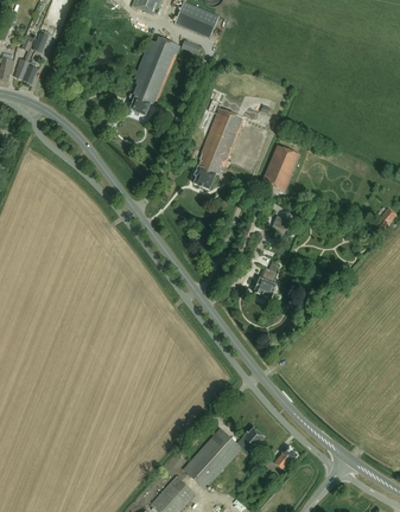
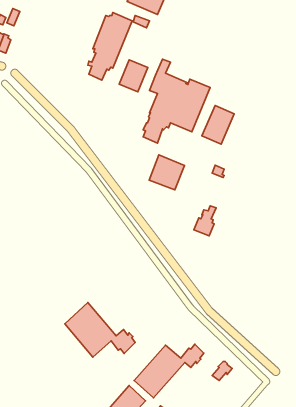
building: none -> [119,60,148,92]
building: none -> [149,155,185,190]
building: none -> [65,303,135,357]

